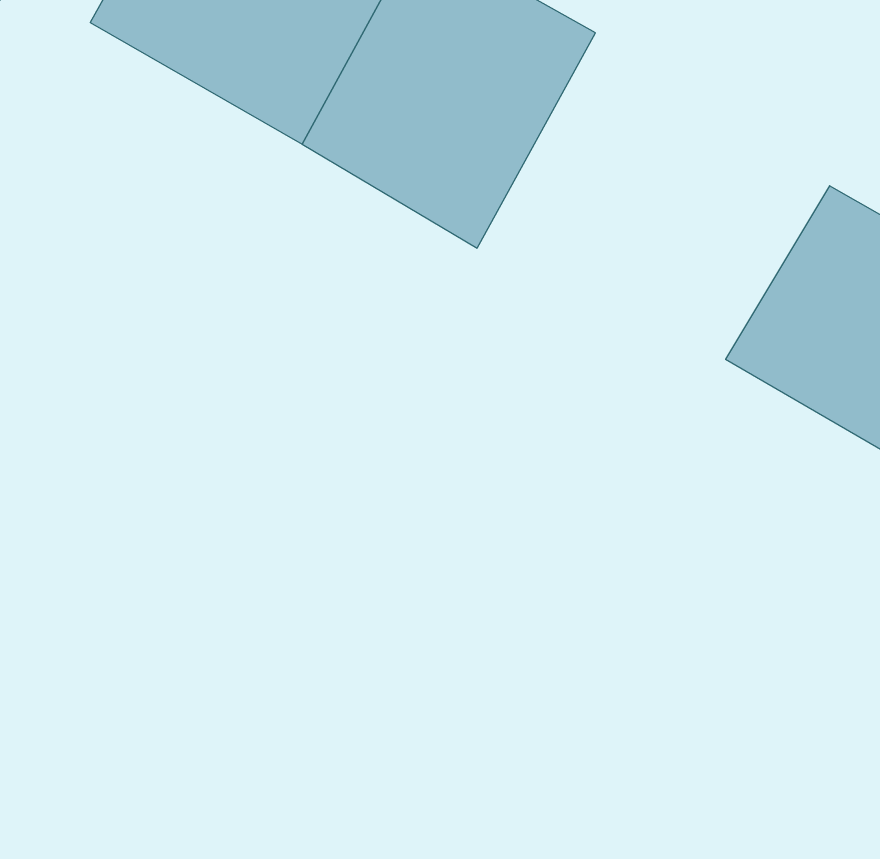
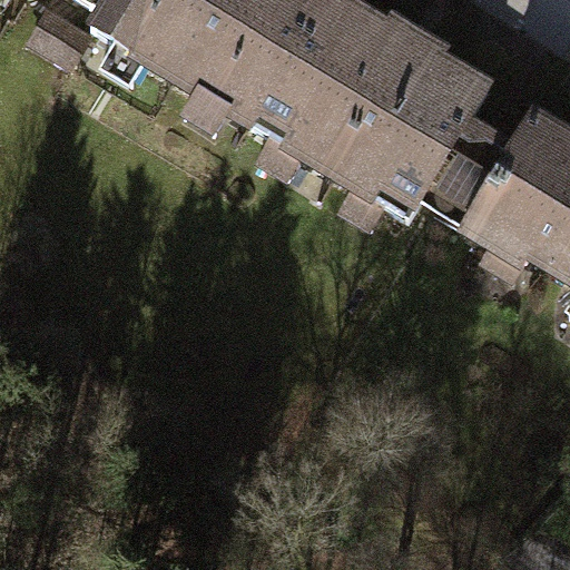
building: none -> [311,21,503,222]

